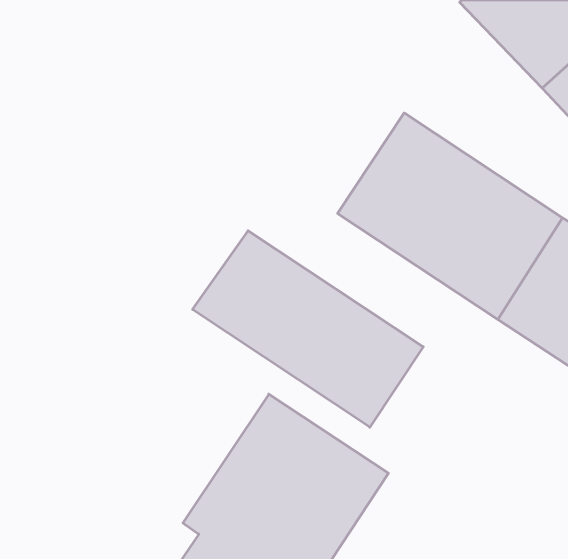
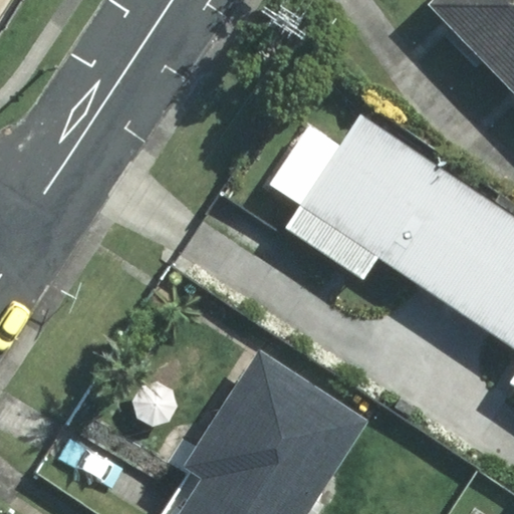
building: [193,231,423,427] -> none

